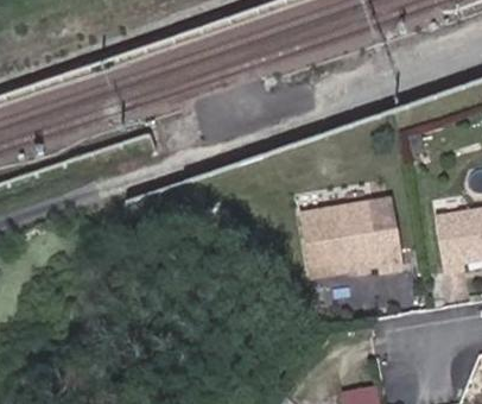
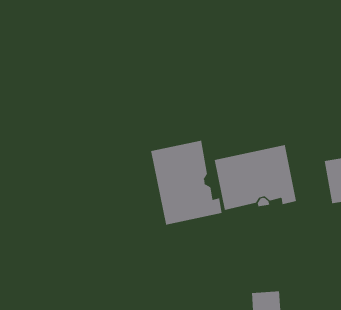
building: none -> [151,140,222,226]

